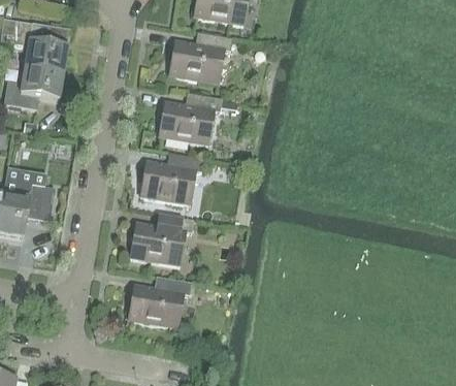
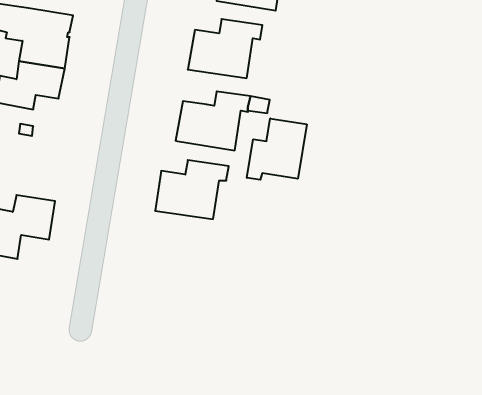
building: none -> [247,118,307,180]
building: [130,214,193,265] -> none
building: [128,277,191,327] -> none

